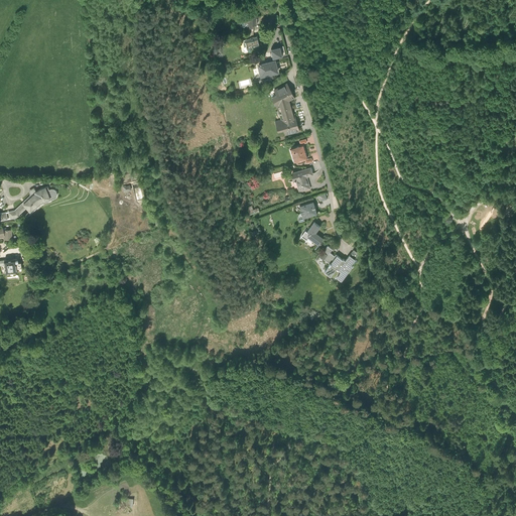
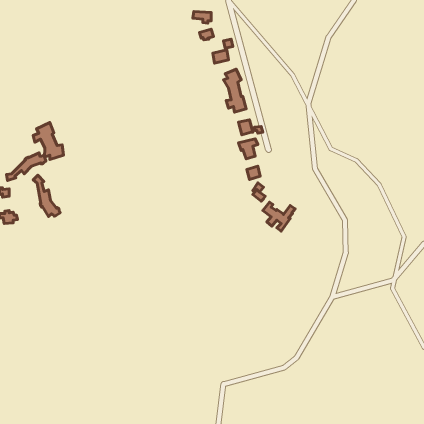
building: none -> [33,123,63,160]
building: none -> [33,175,60,216]

